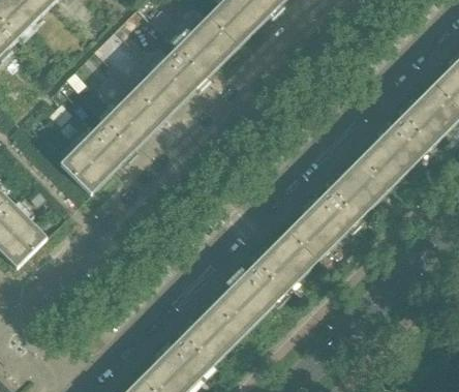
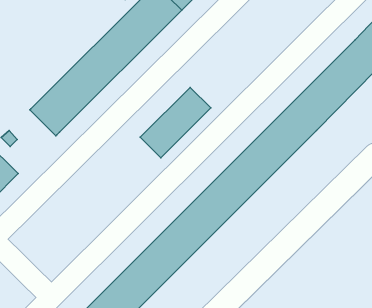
building: none -> [140,87,211,158]

